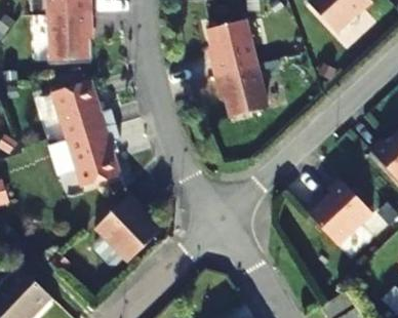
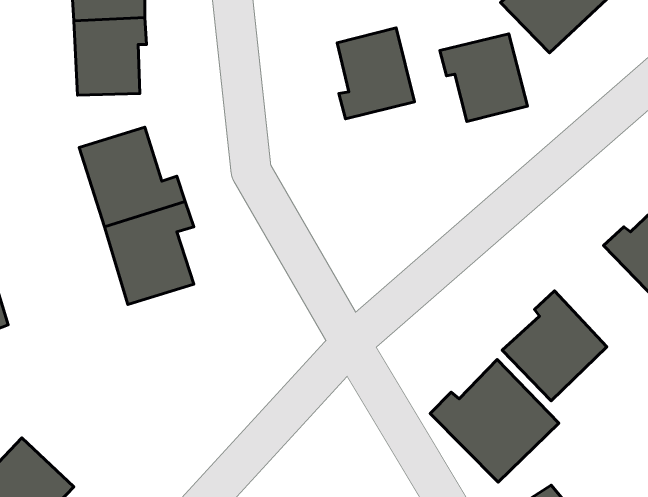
building: [213,65,267,118] -> [440,34,527,121]
building: [95,195,158,263] -> none
building: none -> [430,359,559,482]

